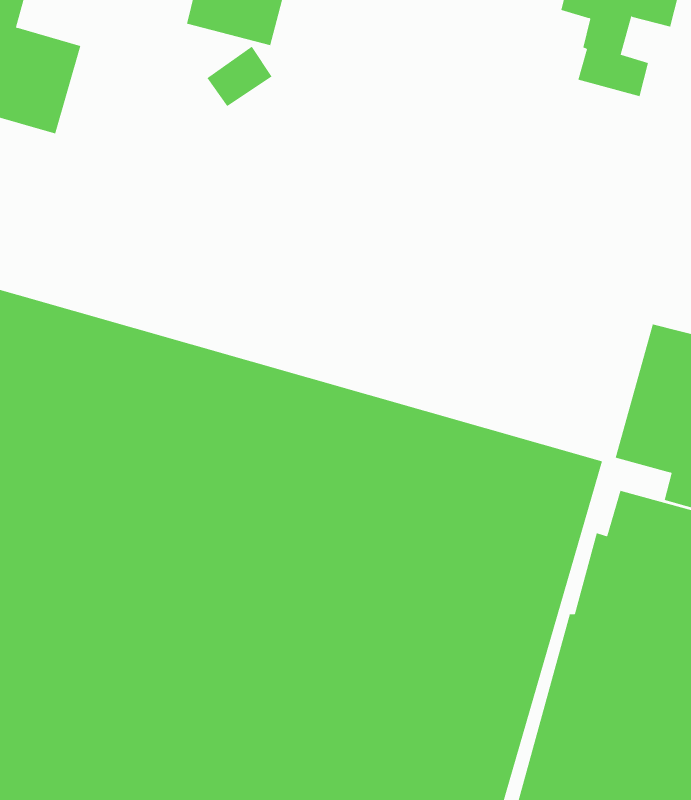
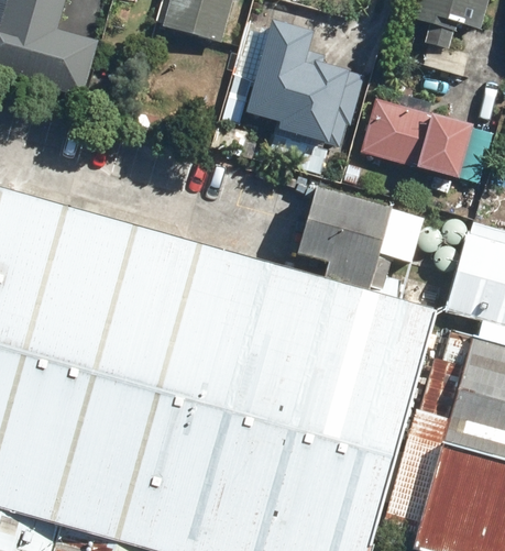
building: none -> [241,29,347,148]
building: none -> [359,100,474,176]
building: none -> [298,188,424,289]

